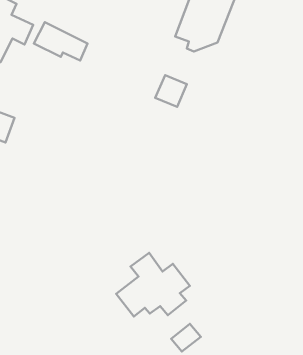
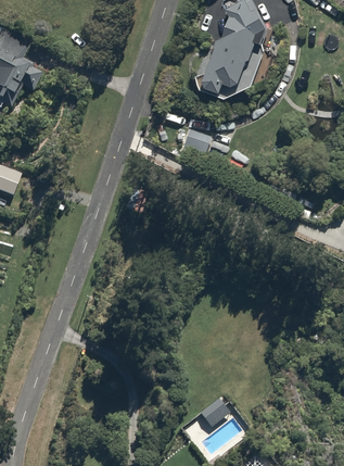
building: [34,22,87,60] -> none
building: [116,253,190,317] -> none

